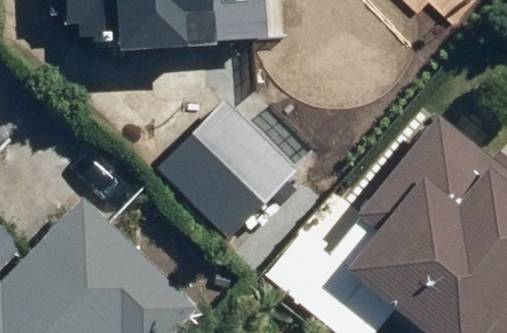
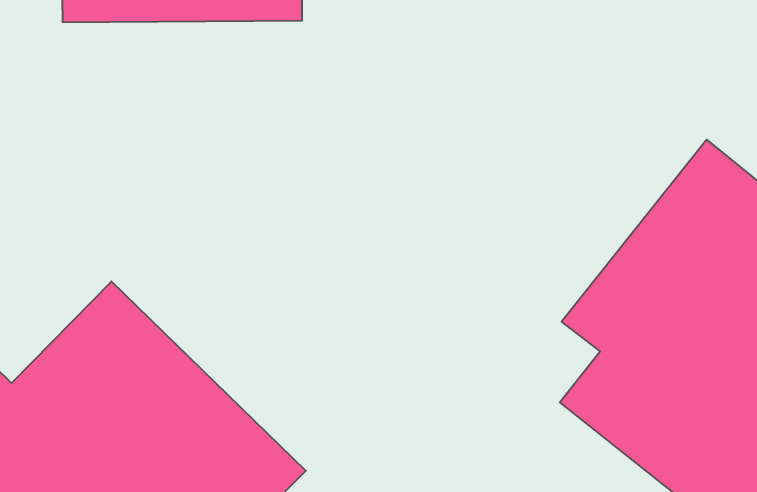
building: [156,100,295,238] -> none

